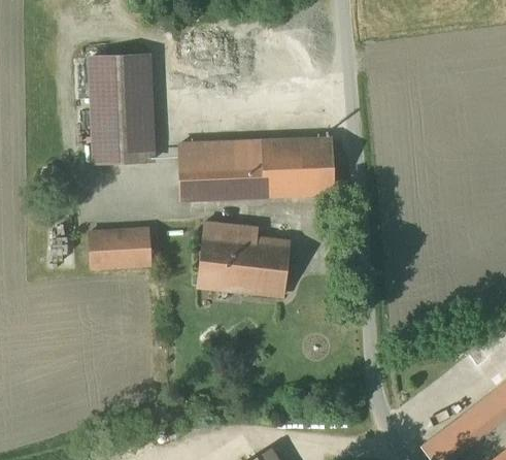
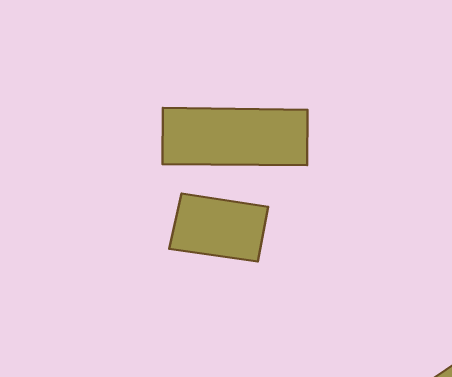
building: [87,56,149,162] -> none
building: [93,227,153,267] -> none

